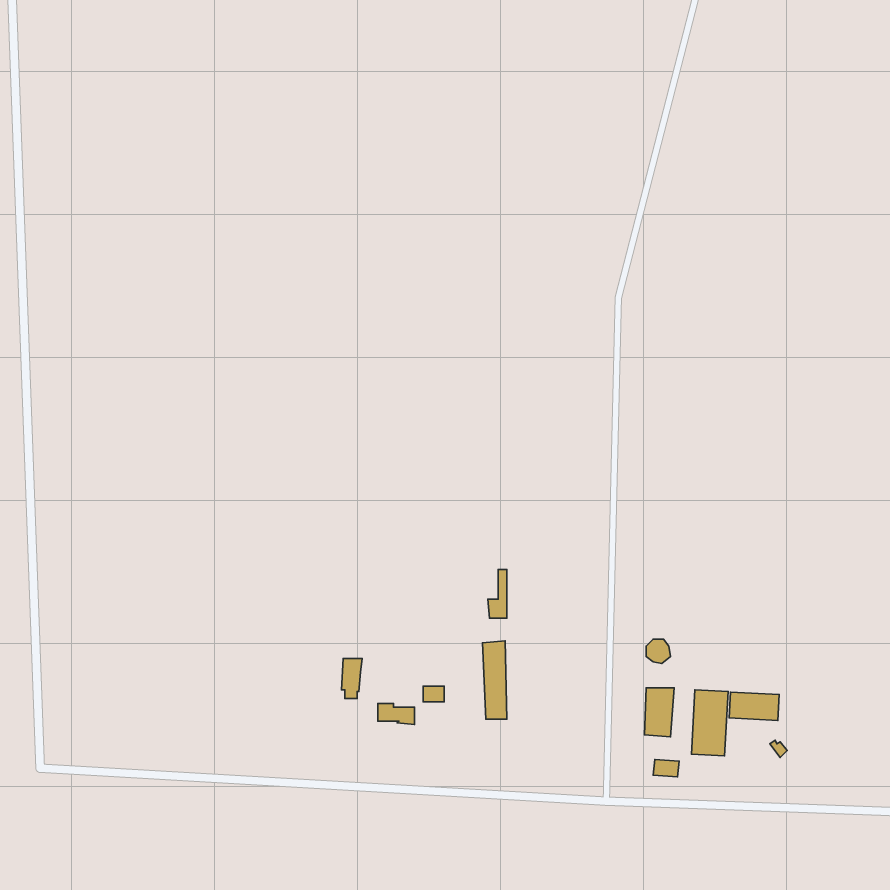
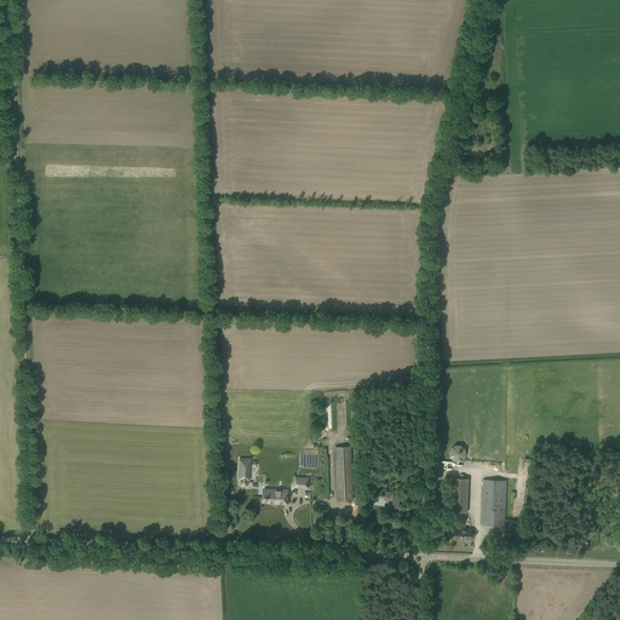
building: [729,692,779,721] -> none

